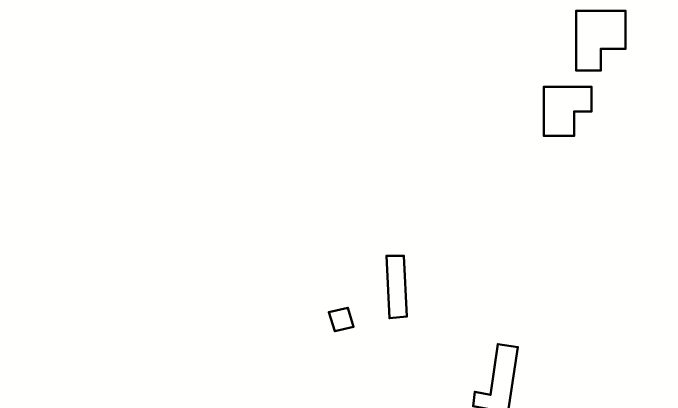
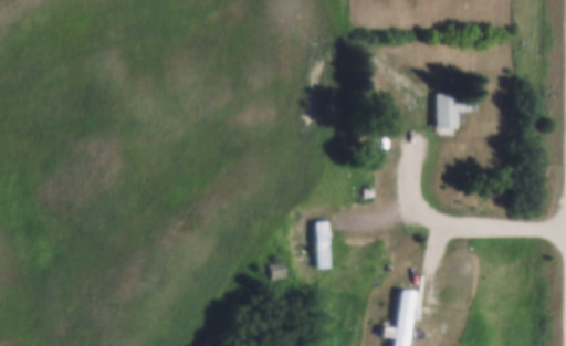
building: [576,11,625,70] -> none

